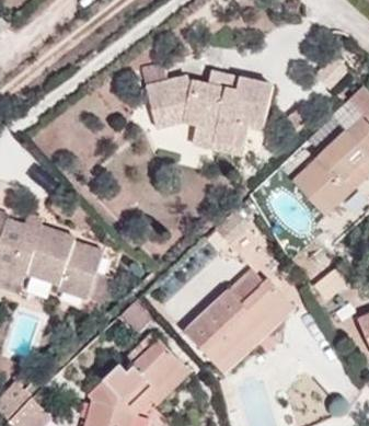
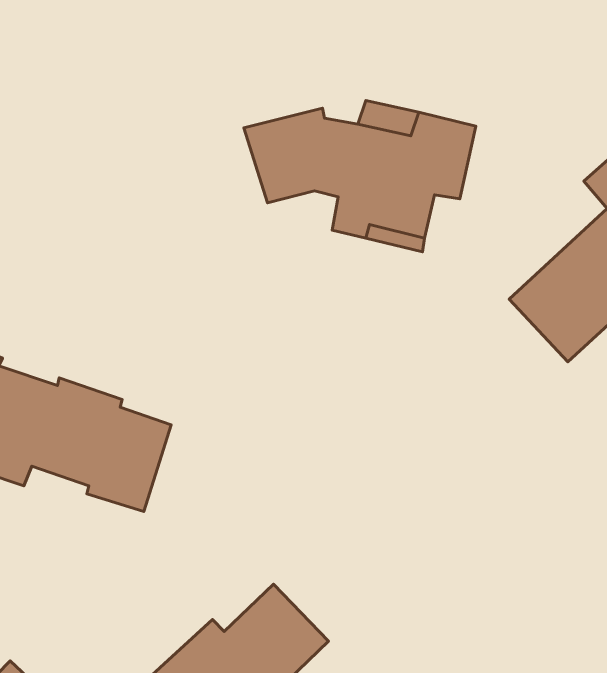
building: [185,268,296,373] -> none

